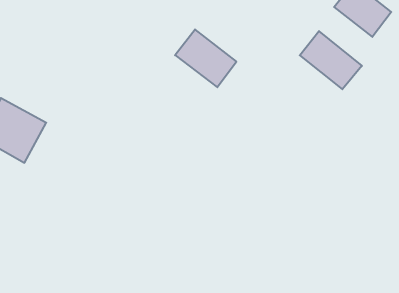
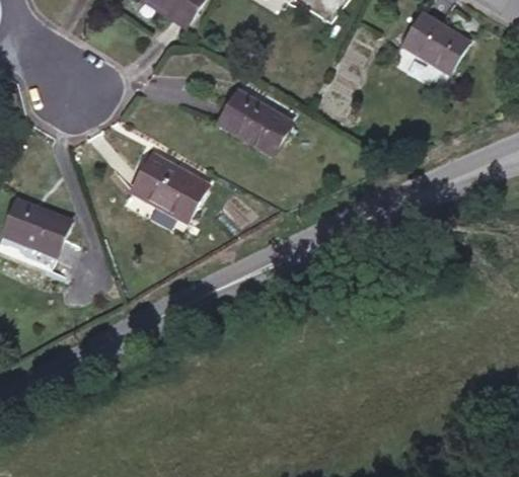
building: [300,31,362,89] -> none
building: none -> [130,152,208,219]

